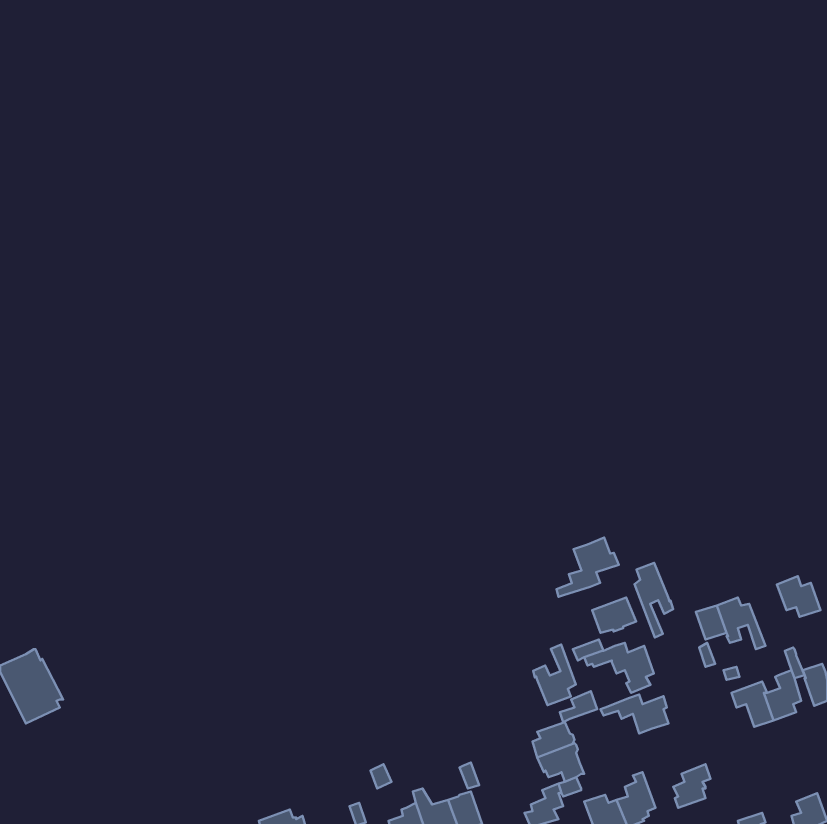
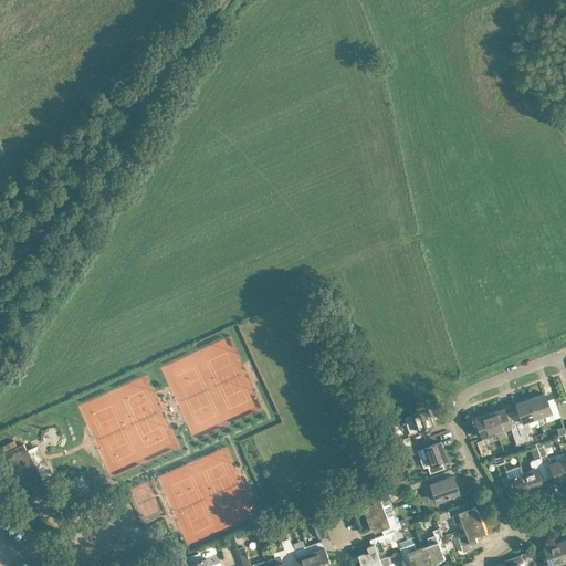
building: [557,538,619,597] -> none
building: [635,563,673,638] -> none
building: none -> [512,401,537,443]
building: [533,645,576,705] -> none
building: none -> [448,506,482,531]

